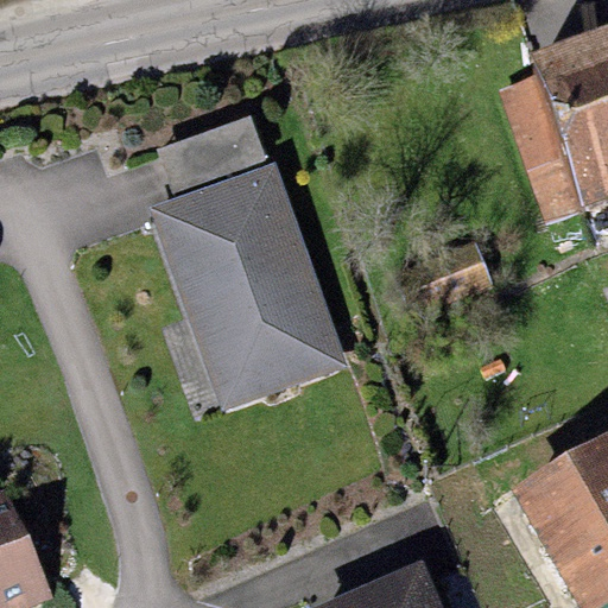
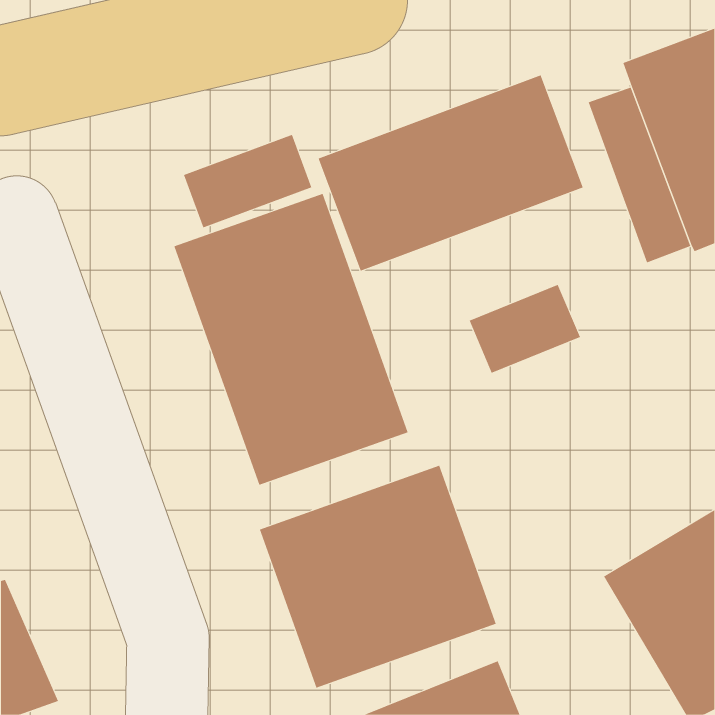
building: none -> [318,75,584,272]
building: none -> [259,465,496,688]

